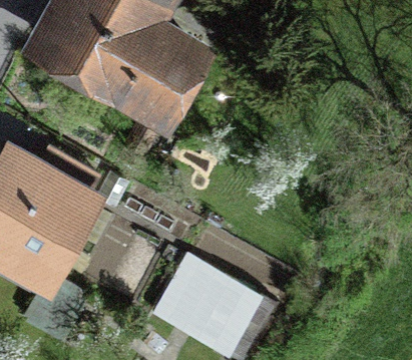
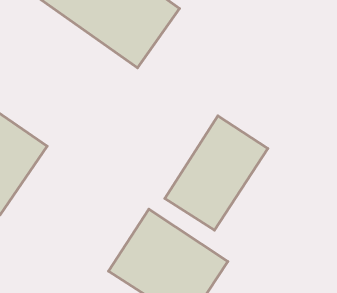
building: none -> [165,116,268,230]

